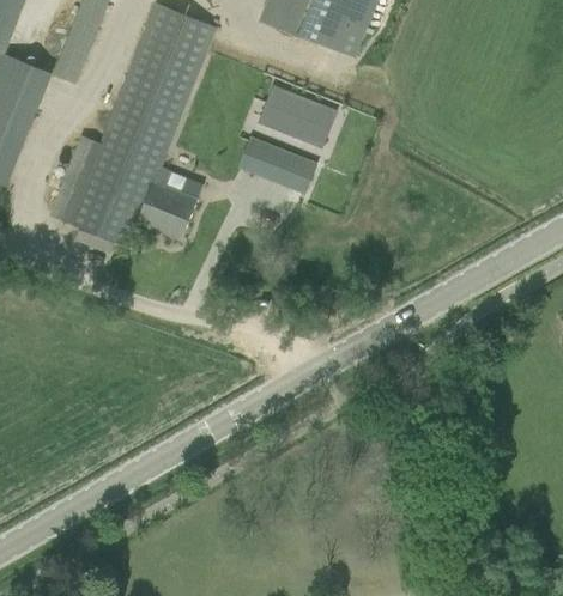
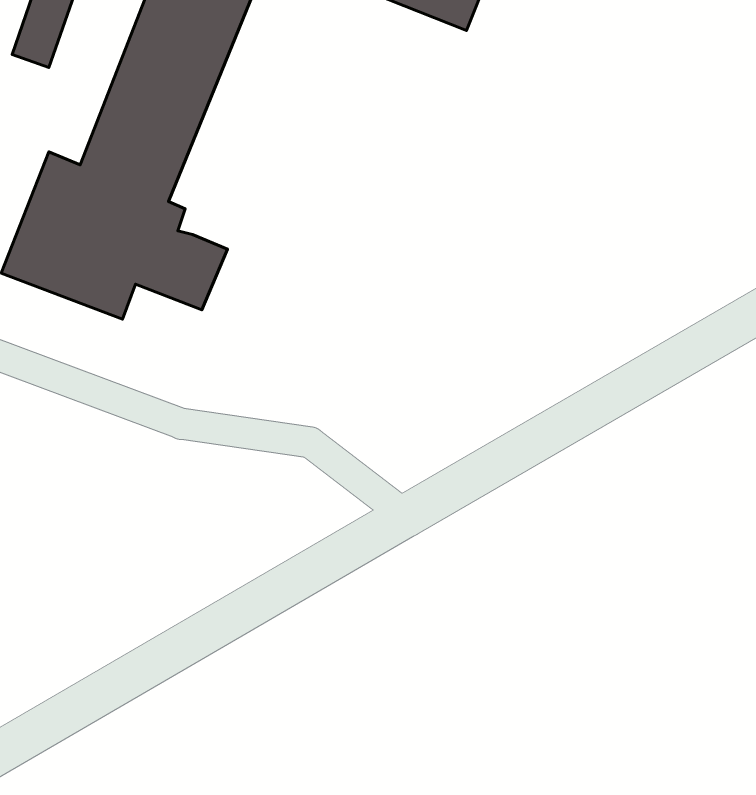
building: [266,86,328,146] -> none
building: [238,139,314,193] -> none

